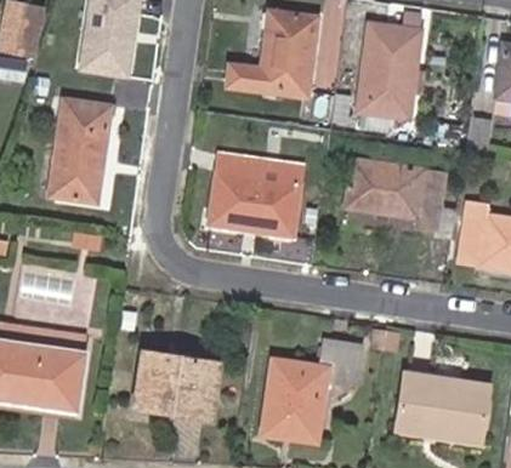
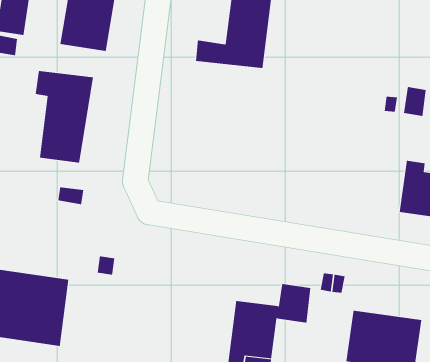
building: [359,28,416,118] -> none
building: [346,144,444,227] -> none
building: [211,155,300,234] -> none
building: [137,353,217,418] -> none

